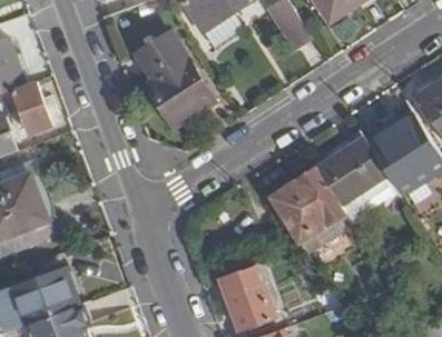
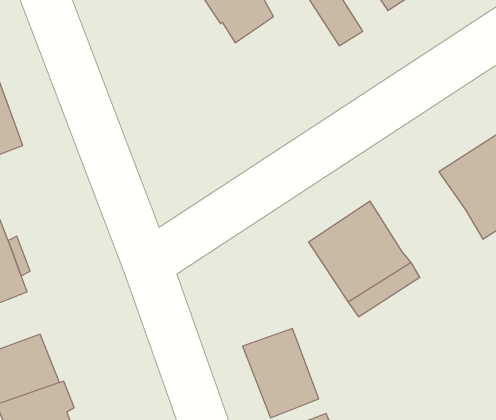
building: [134,31,212,127] -> none
building: [314,136,386,206] -> none

